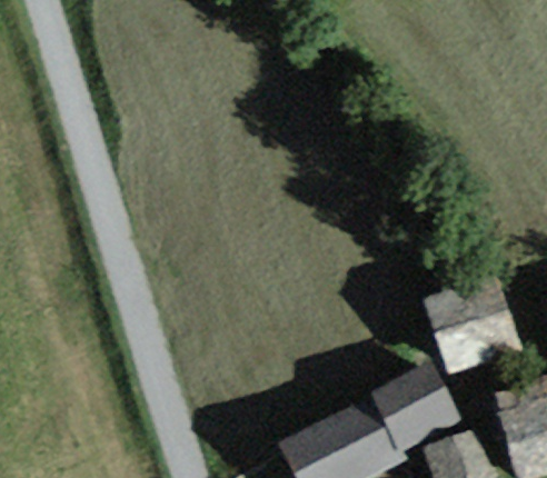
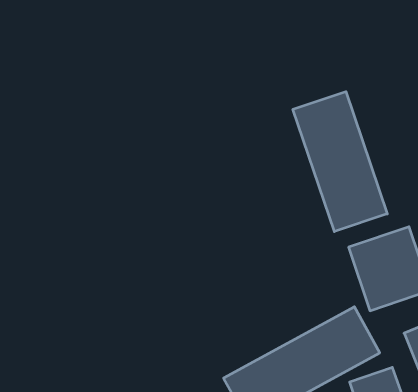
building: none -> [293,92,387,232]

